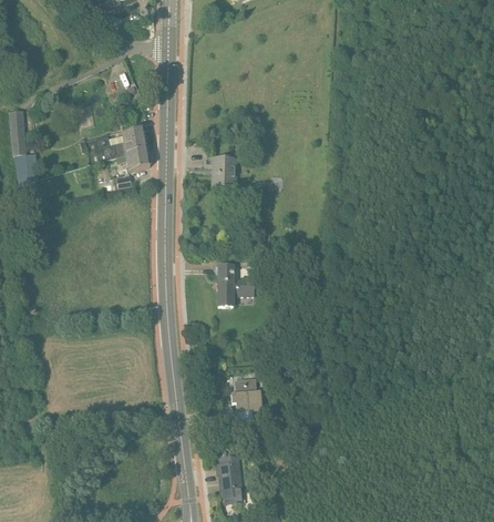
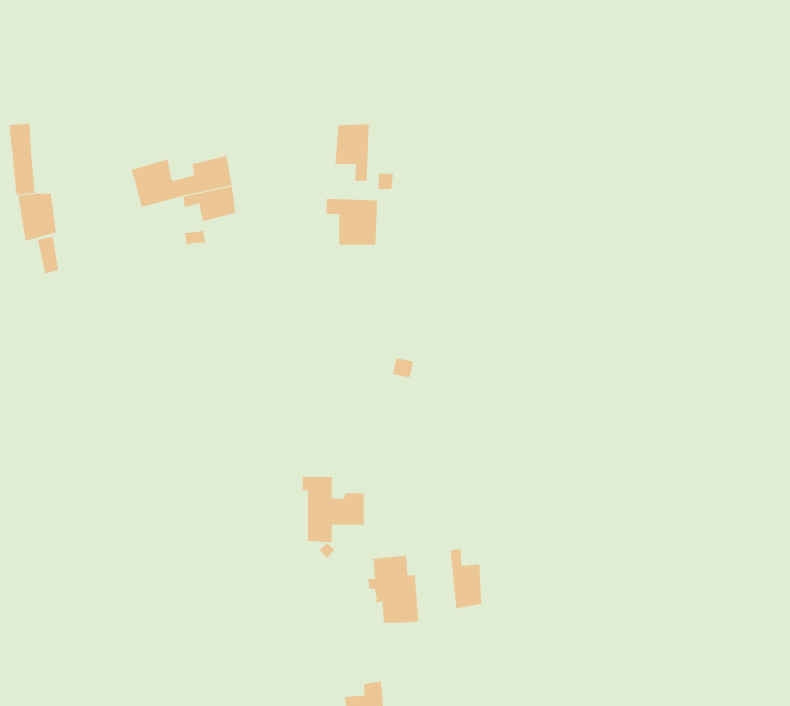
building: none -> [335,124,369,182]
building: [215,265,254,306] -> [302,477,365,543]
building: none -> [450,548,482,609]

